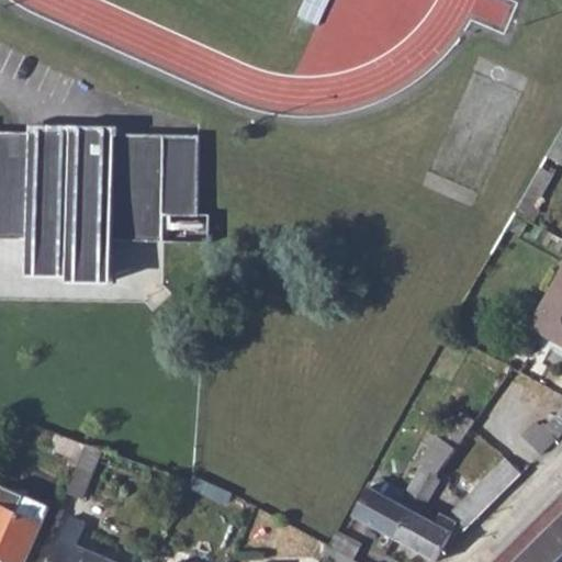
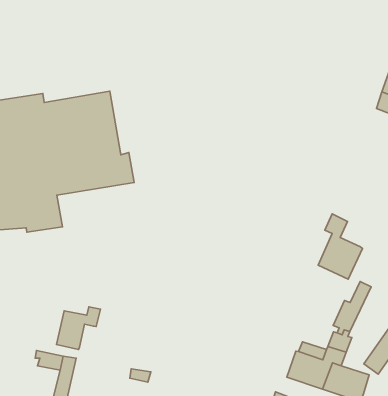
building: none -> [318,214,363,279]
building: none -> [56,307,100,349]

